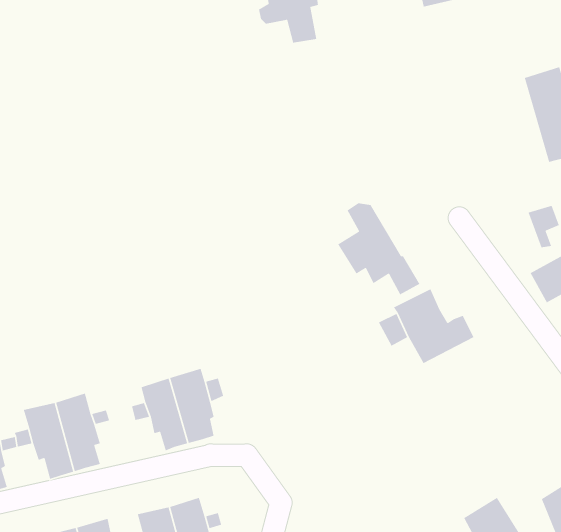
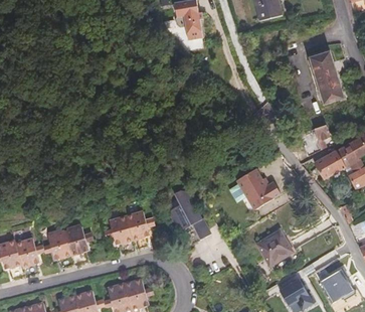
building: [337,203,421,296] -> [171,188,215,238]
building: none -> [256,229,292,264]

